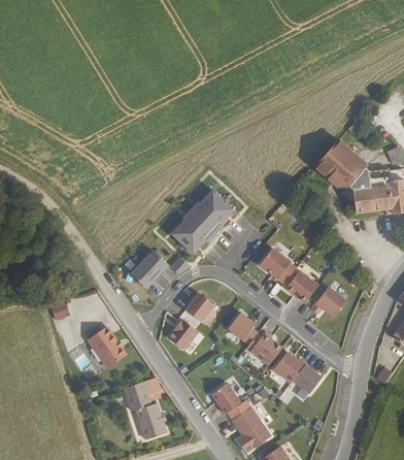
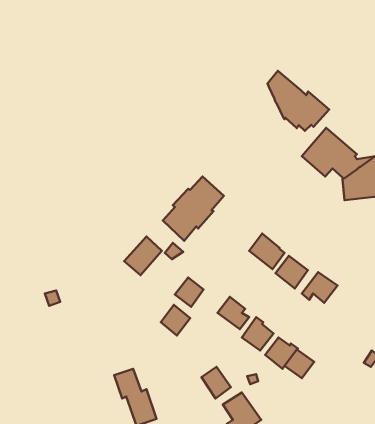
building: none -> [267,71,329,131]
building: [88,326,127,368] -> none

